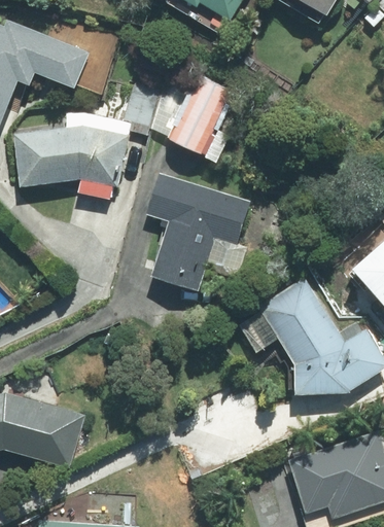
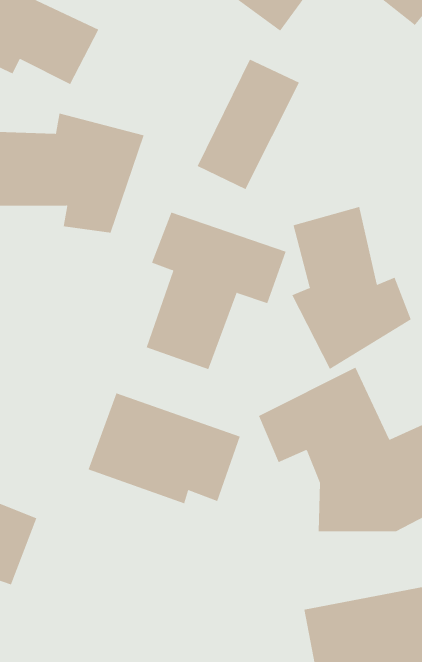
building: none -> [291,206,411,370]
building: none -> [88,392,241,504]

